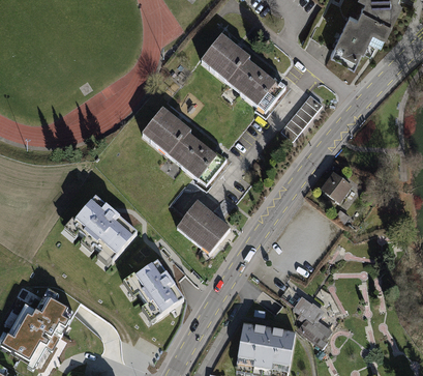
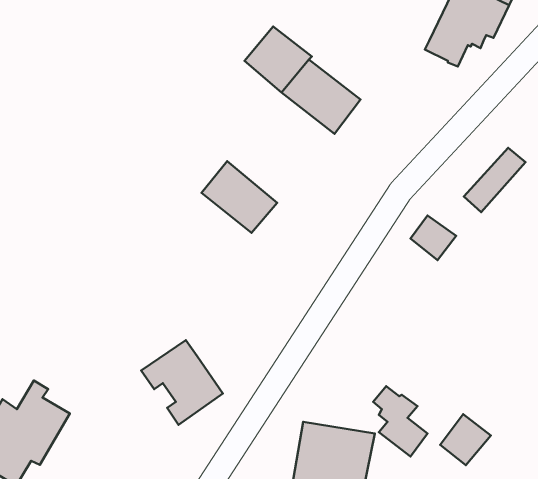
building: [281,93,326,140] -> [464,148,526,212]
building: [141,108,190,156] -> none
building: [67,197,137,265] -> none
building: [177,201,231,254] -> none
building: none -> [440,414,491,465]

